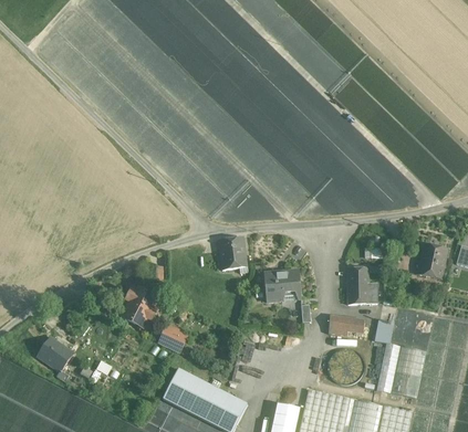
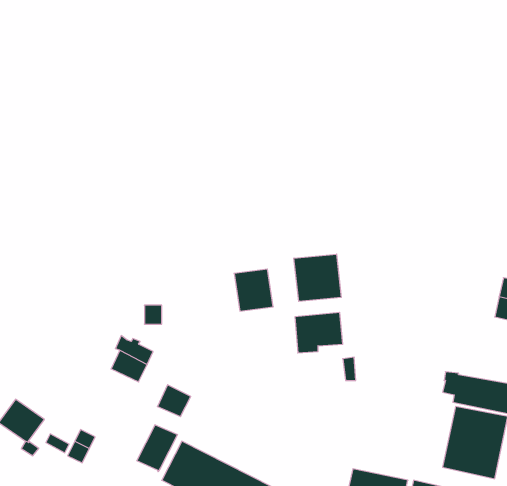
building: none -> [294,254,341,301]
building: [346,267,376,305] -> none
building: [327,316,364,336] -> none
building: none -> [137,425,177,472]

